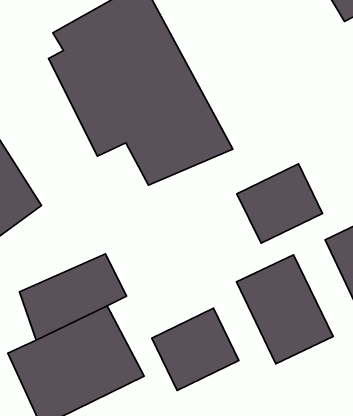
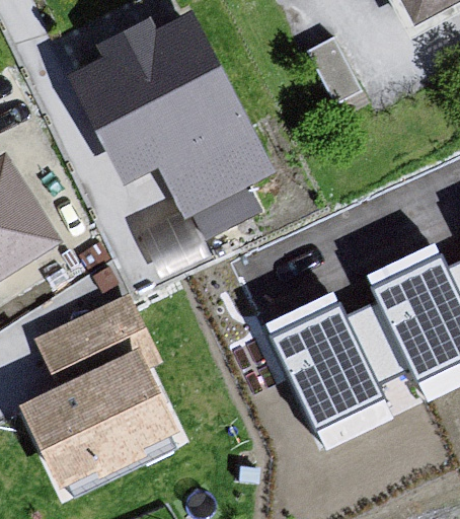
building: [237,164,323,243] -> none
building: [152,308,239,390] -> none

